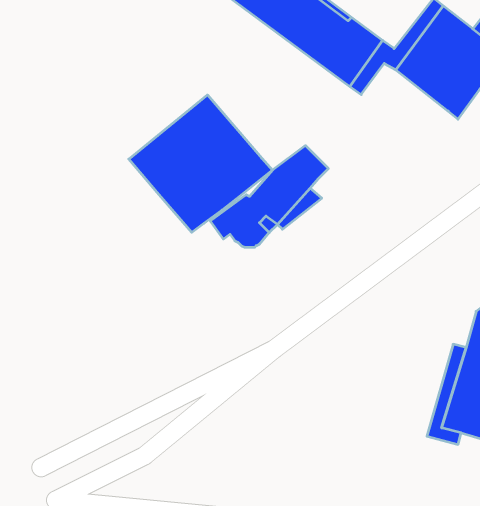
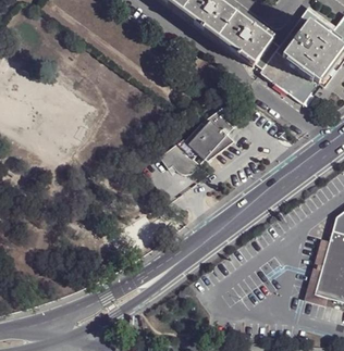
building: none -> [260,52,318,104]
building: [129,95,273,232] -> none

